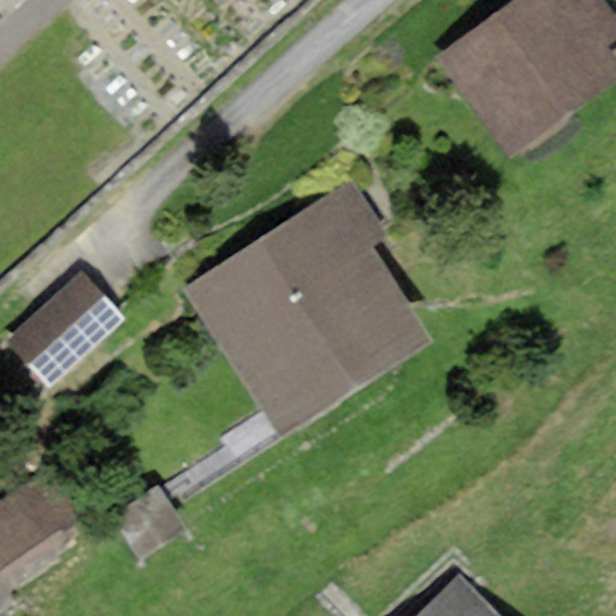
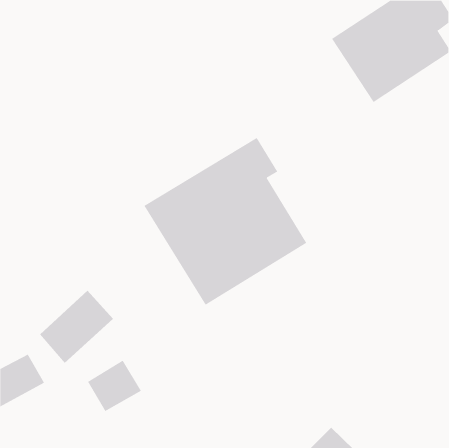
building: [16,278,118,379] -> [39,290,114,364]

